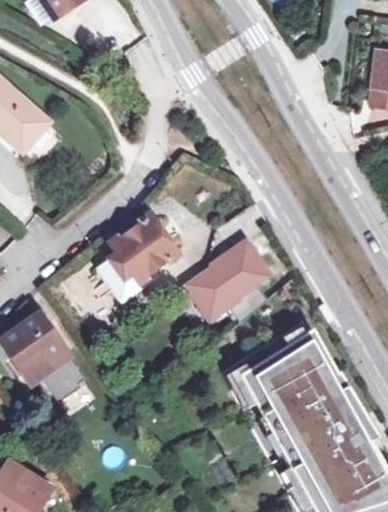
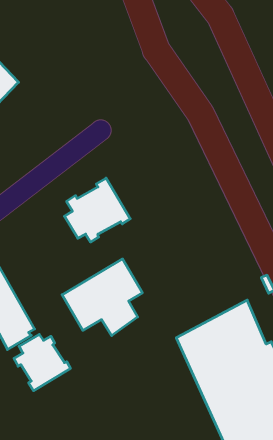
building: [184,240,269,322] -> [62,259,142,336]
building: none -> [14,334,70,391]

